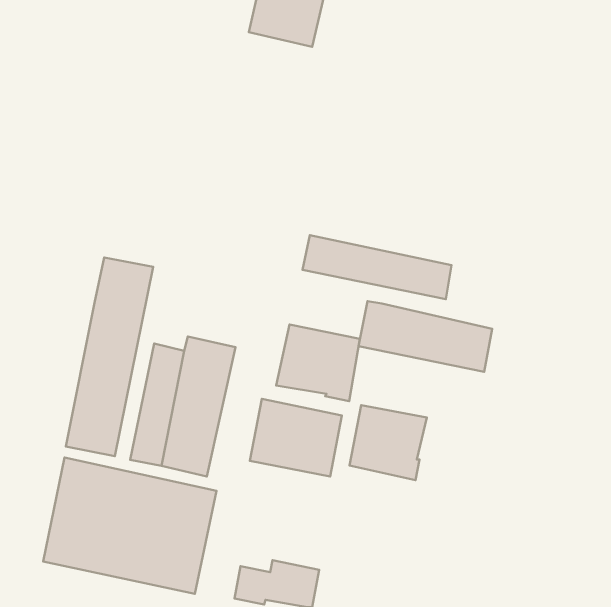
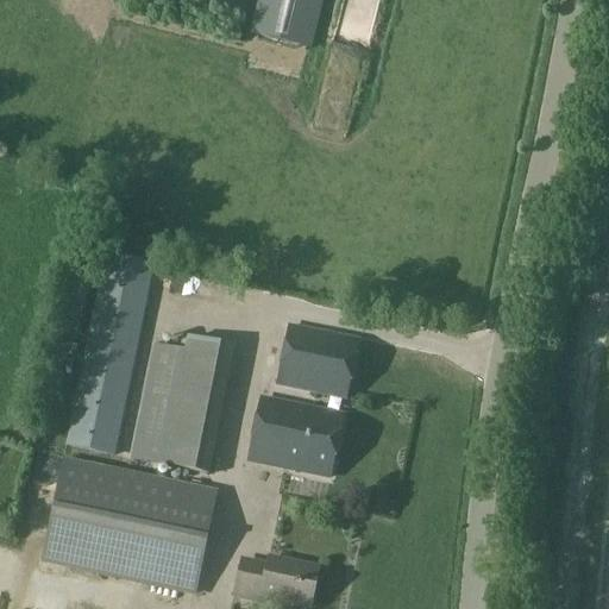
building: [302,235,452,299] -> none
building: [359,301,492,372] -> none
building: [350,405,427,480] -> none

